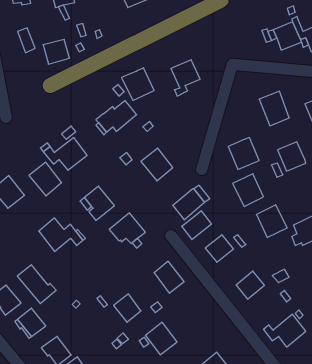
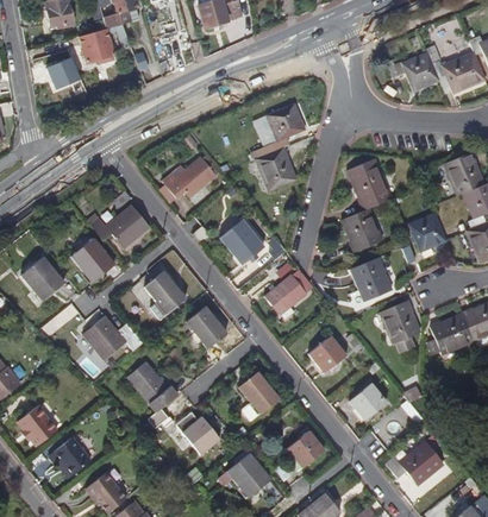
building: [43,39,70,64] -> [77,31,113,64]
building: [122,68,154,100] -> [250,145,294,189]
building: [259,91,289,126] -> [348,162,388,208]
building: [182,211,211,240] -> none
building: [17,265,56,304] -> [127,360,180,412]
building: none -> [287,433,325,471]

